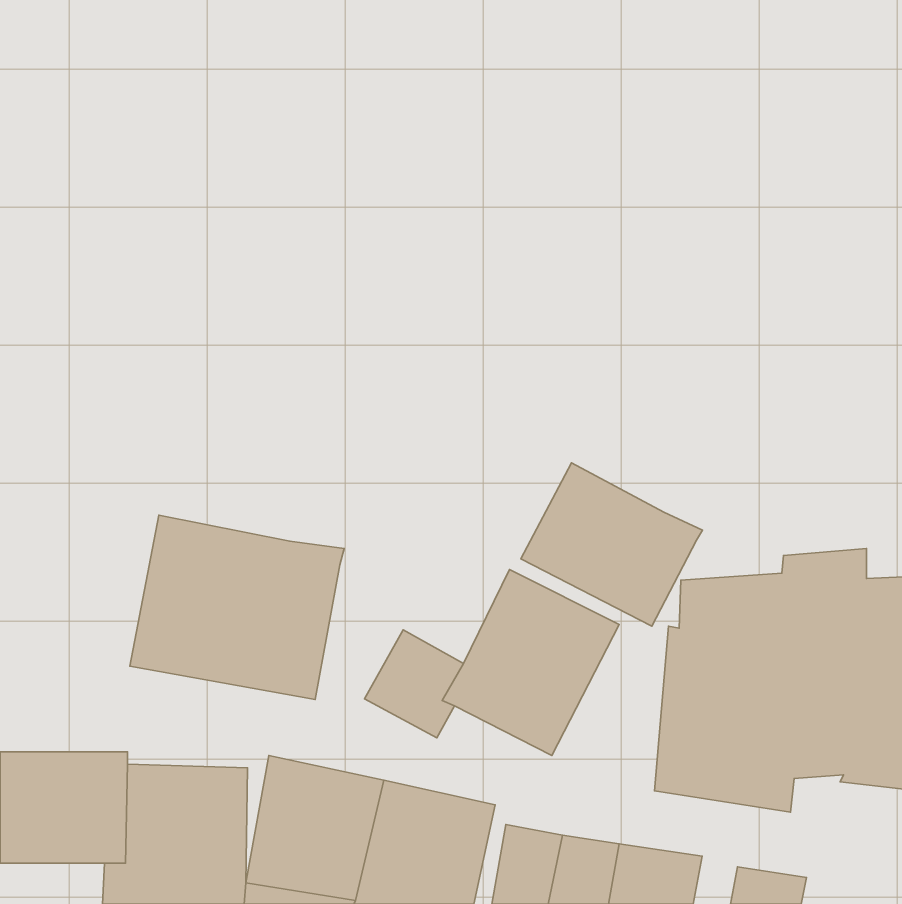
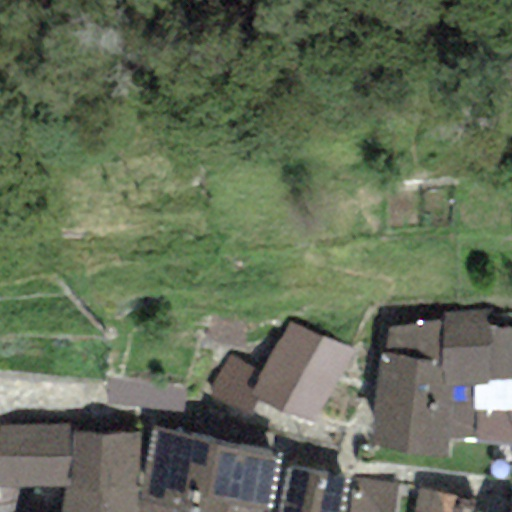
building: [521,463,703,626] -> none
building: [130,515,344,700] -> none

